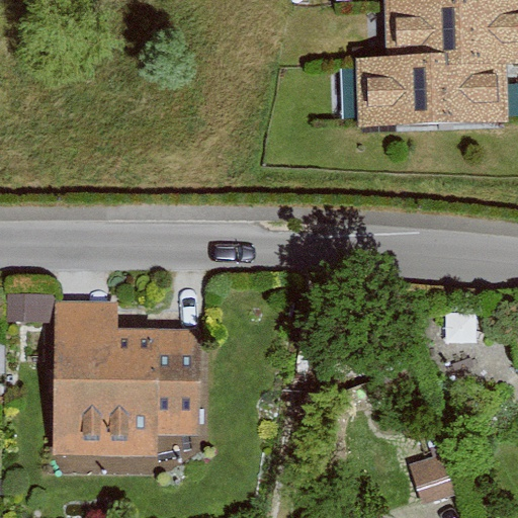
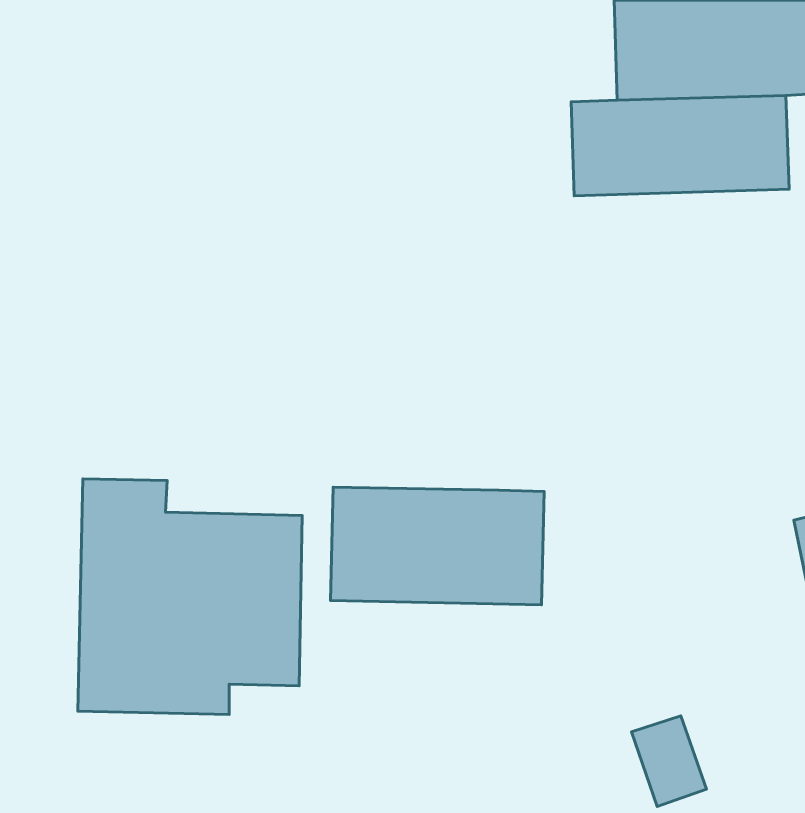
building: none -> [330,487,544,605]

